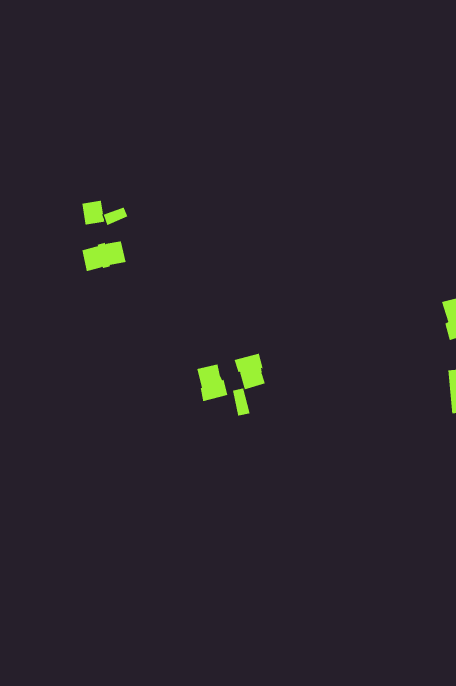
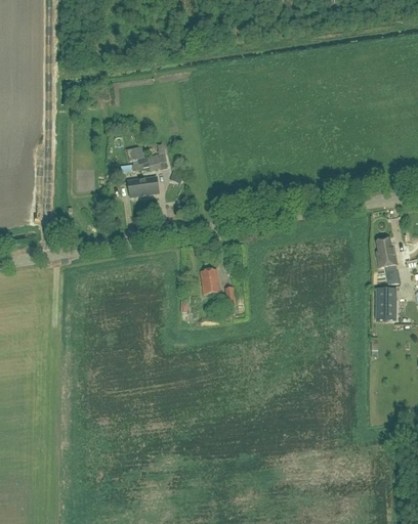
building: [234,353,265,390] -> none

